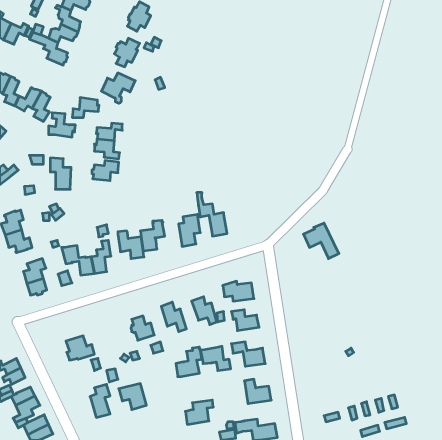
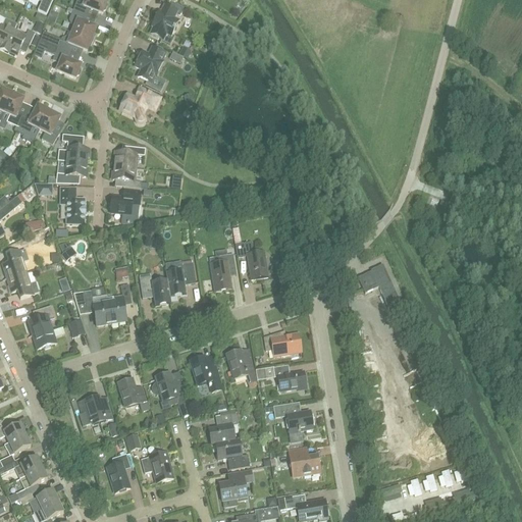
building: [72,98,99,117] -> [55,158,87,181]
building: none -> [117,377,144,405]
building: [200,346,231,371] -> [213,437,249,466]

